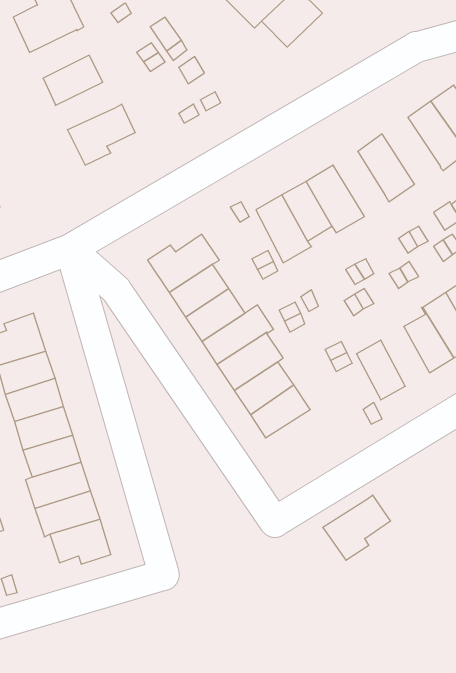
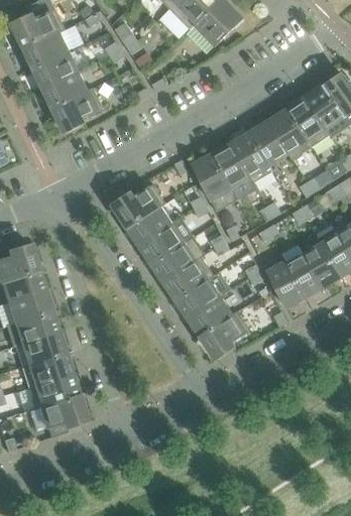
building: none -> [26,33,70,69]
building: none -> [44,72,89,107]
building: none -> [287,98,331,147]
building: none -> [251,123,289,166]
building: none -> [286,253,323,297]
building: [323,495,391,560] -> [201,311,251,360]

